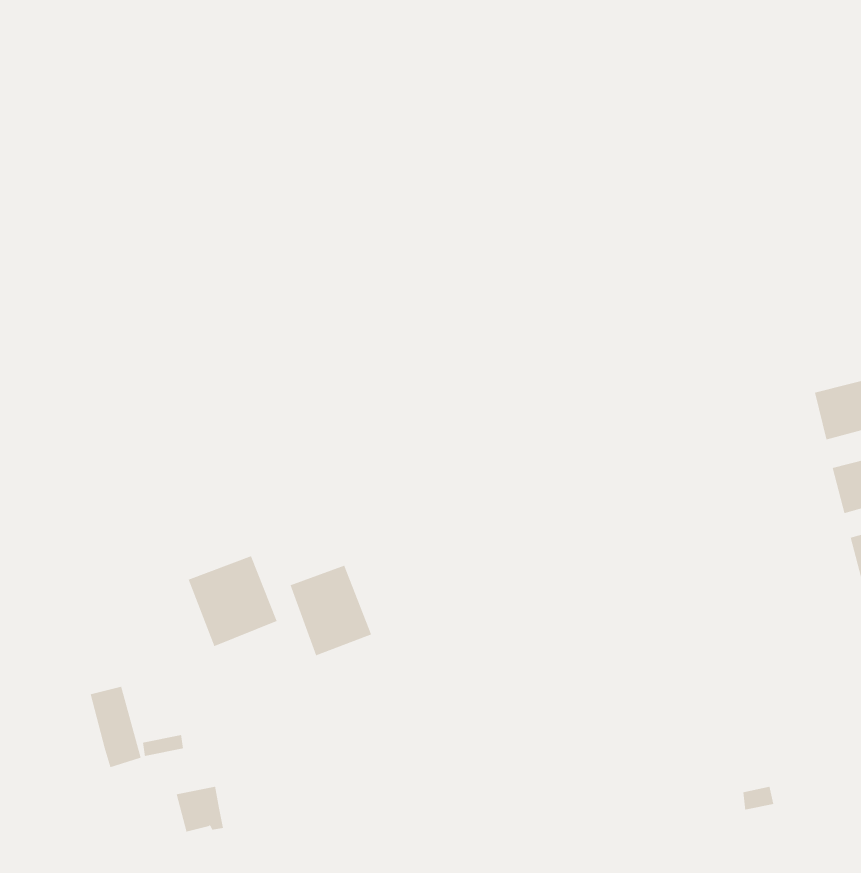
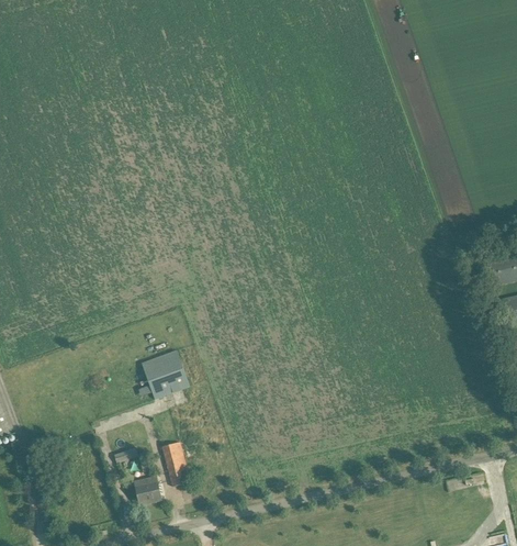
building: [290,565,372,656] -> none
building: [90,686,142,768] -> [161,442,190,487]

